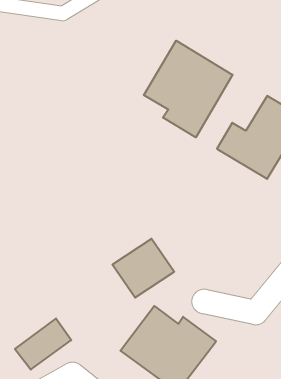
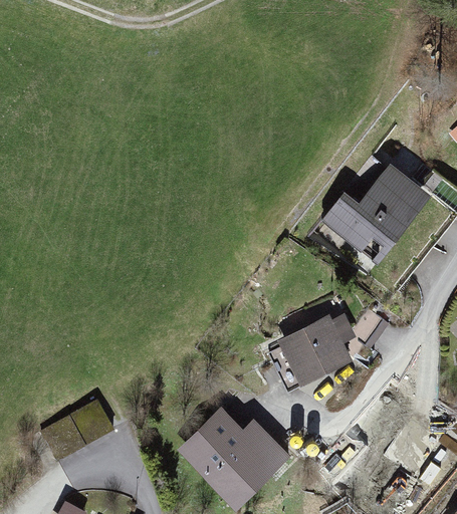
building: [144,41,233,137] -> none
building: [112,239,174,298] -> [279,316,354,386]

